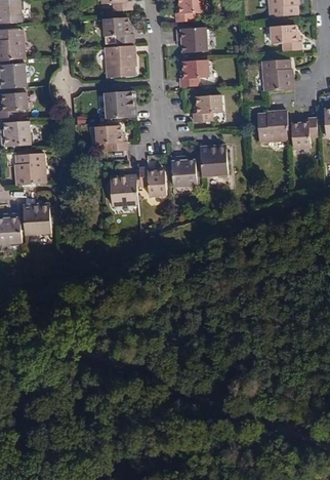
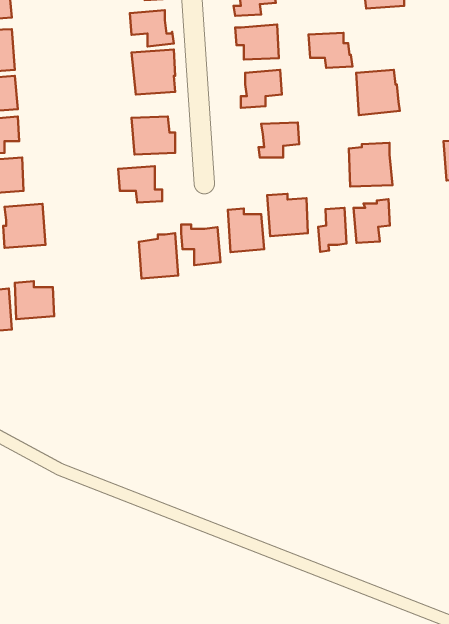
building: [271,25,301,49] -> [309,33,352,68]
building: [291,117,317,148] -> [353,199,390,243]
building: none -> [318,208,347,252]

